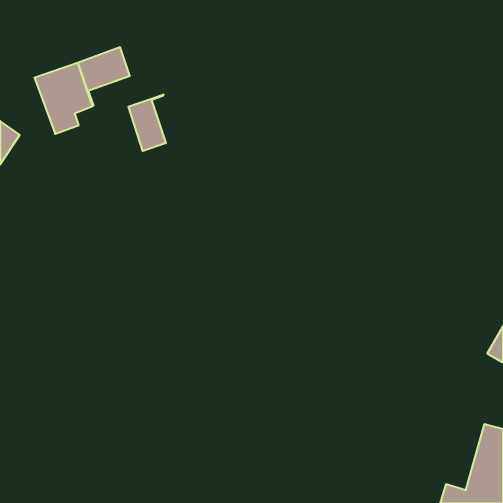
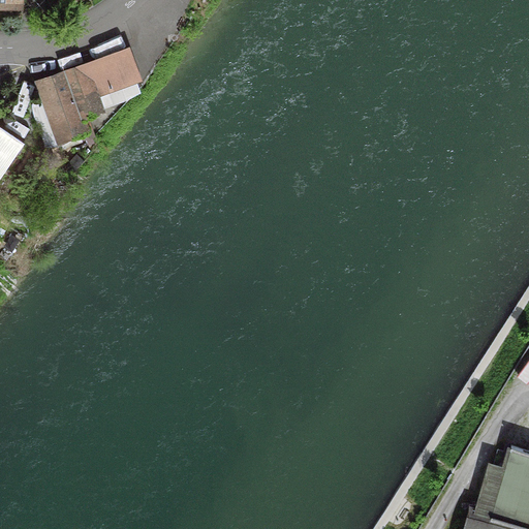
building: [128,94,166,151] -> none

